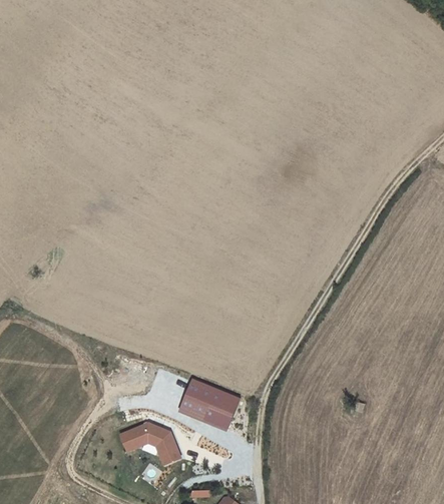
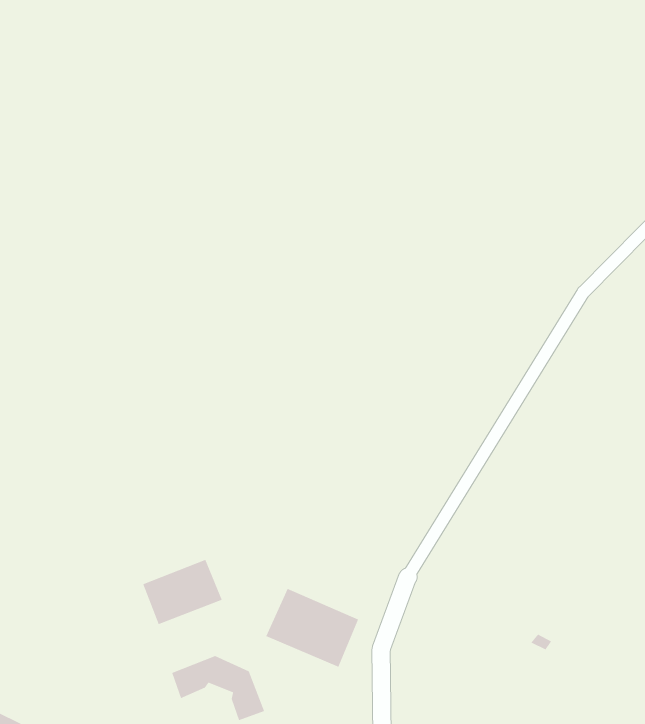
building: none -> [142,559,223,625]

